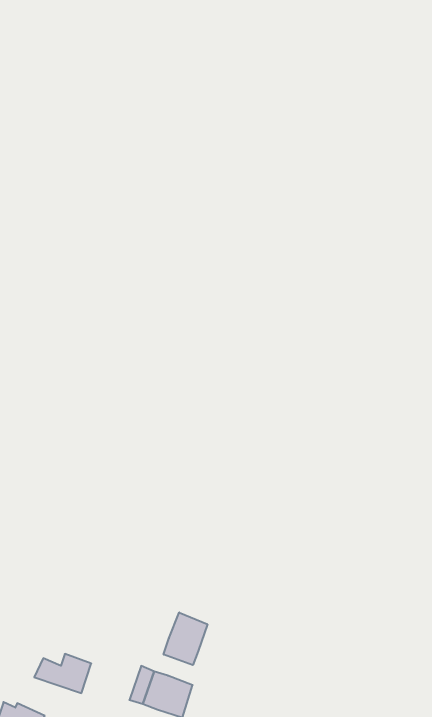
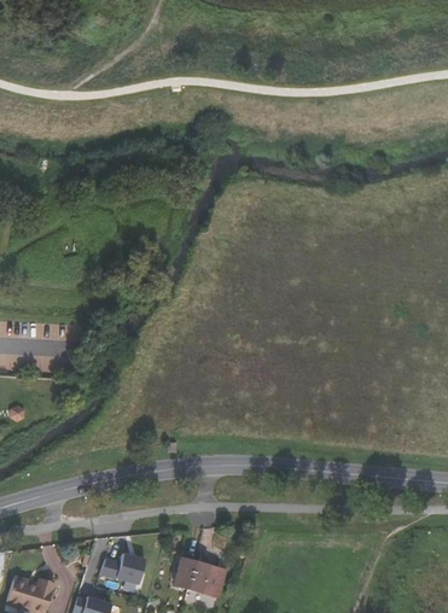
building: [164,612,207,665] -> none

